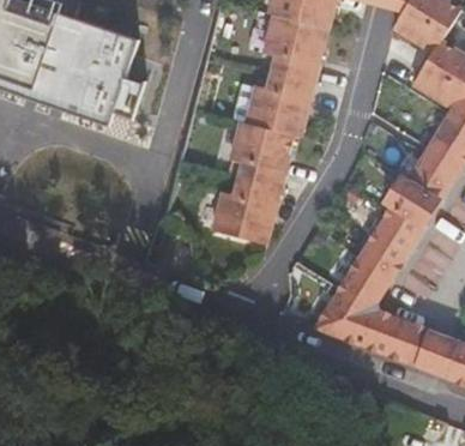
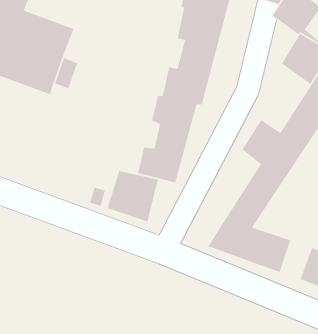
building: none -> [107,170,159,222]
building: [403,315,443,367] -> none

